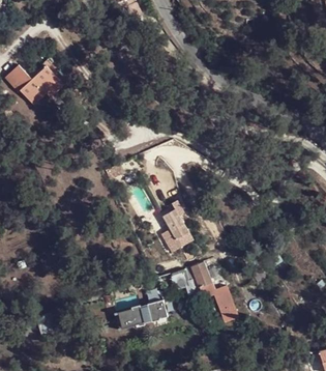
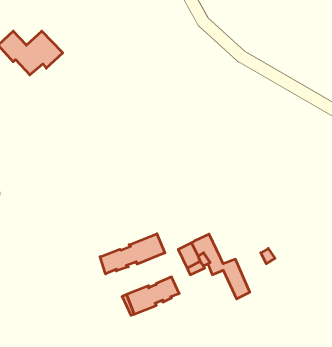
building: [161,207,185,238] -> none
building: none -> [100,234,165,274]

